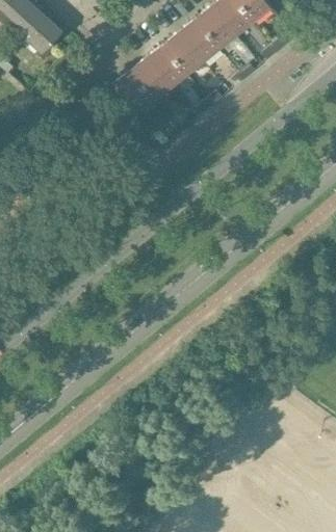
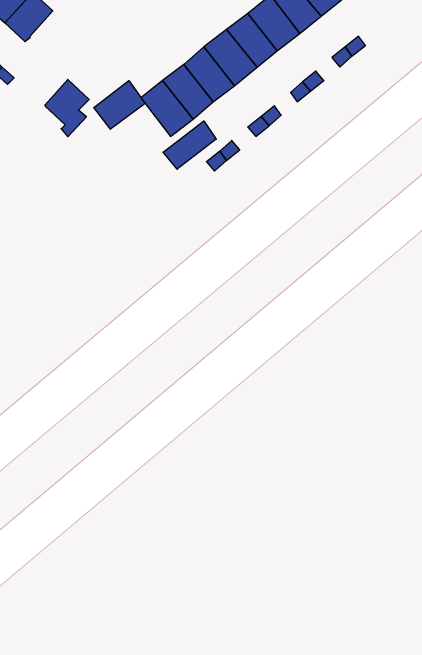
building: [26,16,60,60] -> [45,79,89,137]
building: none -> [94,81,145,129]
building: none -> [163,121,216,169]

